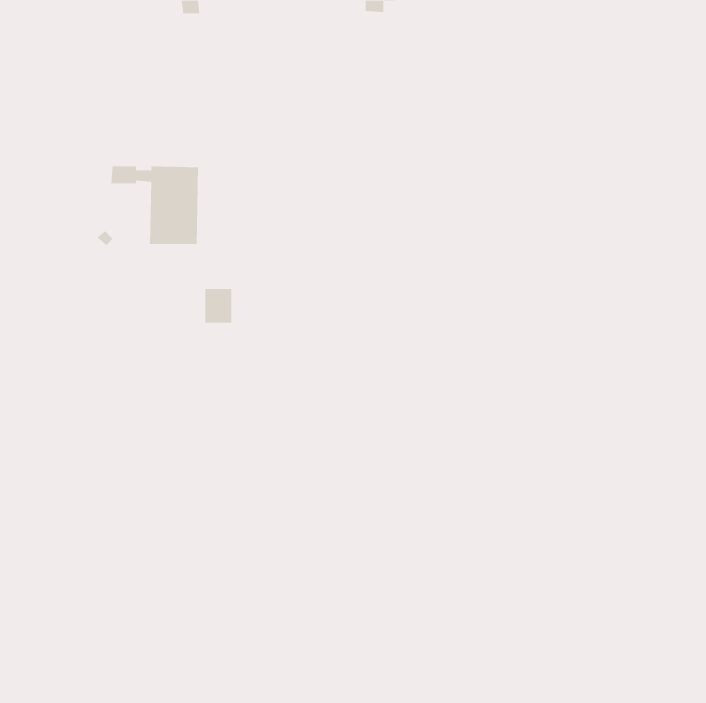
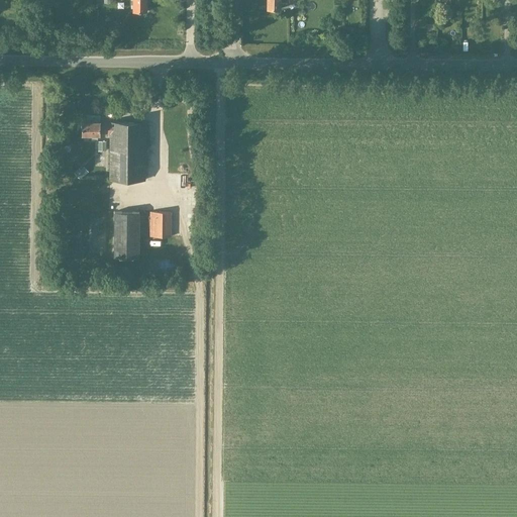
building: none -> [113,213,138,258]

